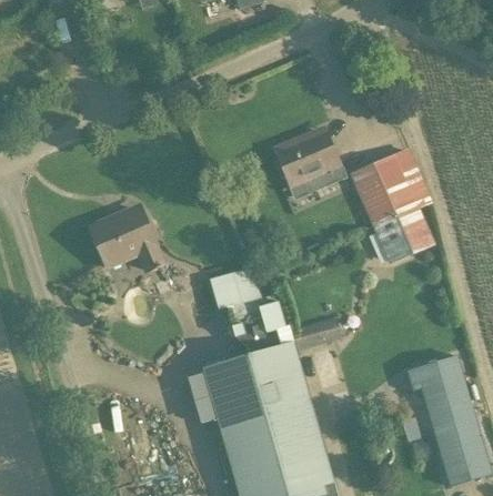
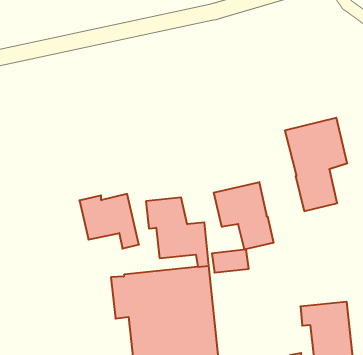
building: [274,132,344,188] -> none
building: [88,209,163,271] -> [79,194,139,249]
building: none -> [214,182,274,250]

